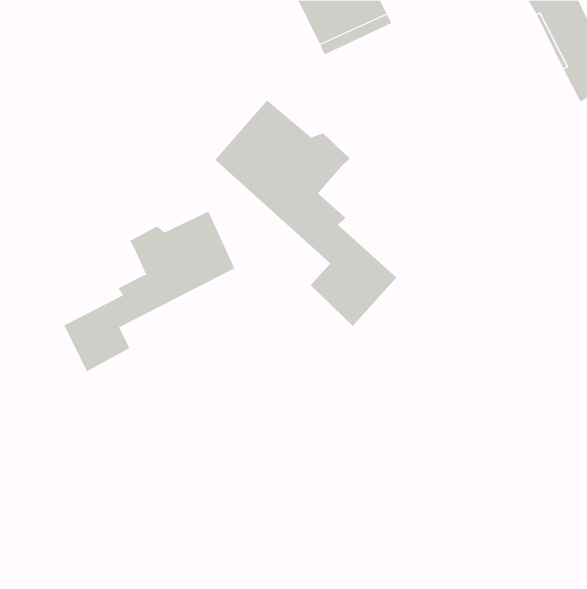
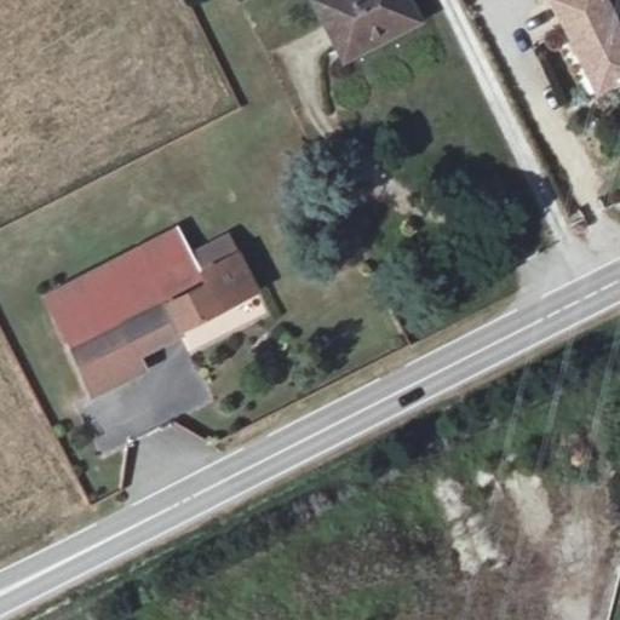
building: [215,99,397,327] -> none
building: none -> [53,262,155,341]

